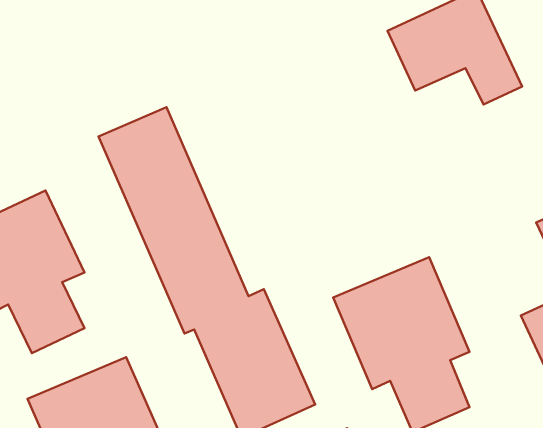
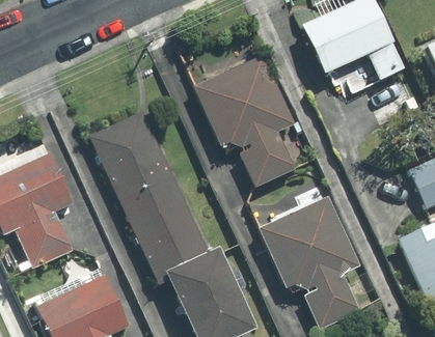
building: none -> [193,58,299,180]

